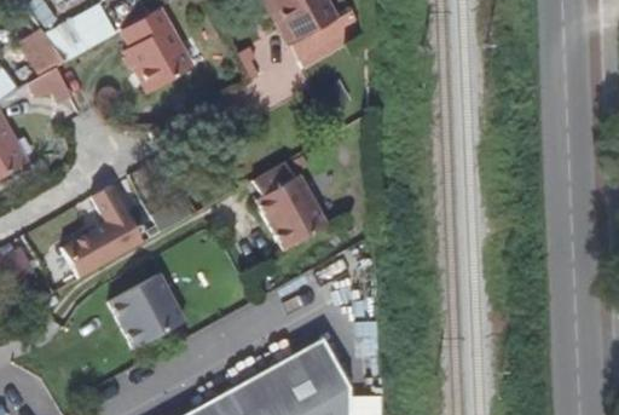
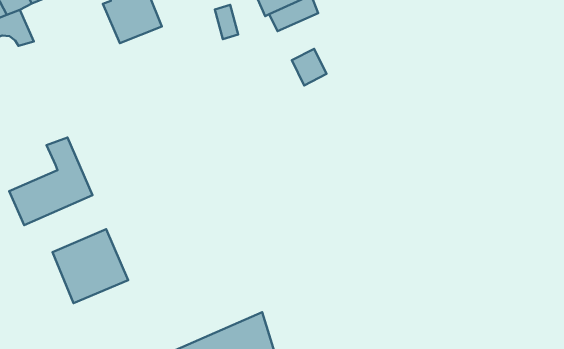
building: [254,160,329,247] -> none

